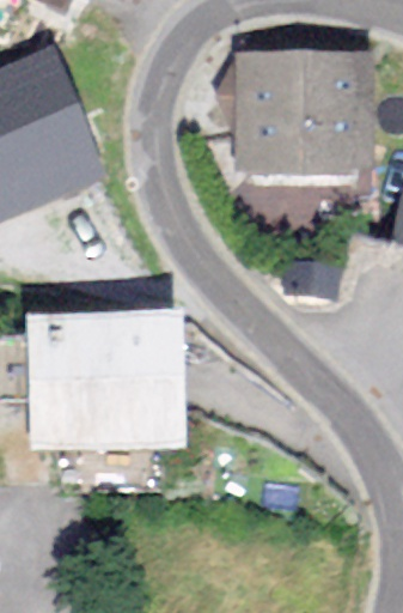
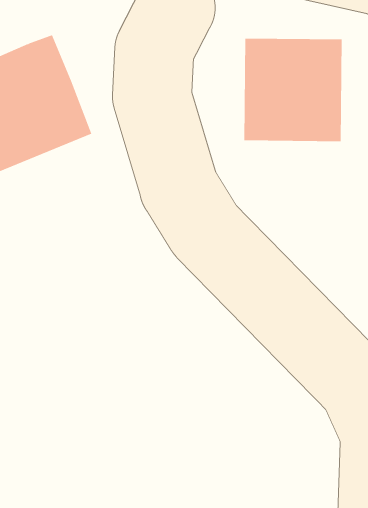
building: [50,340,171,437] -> none

